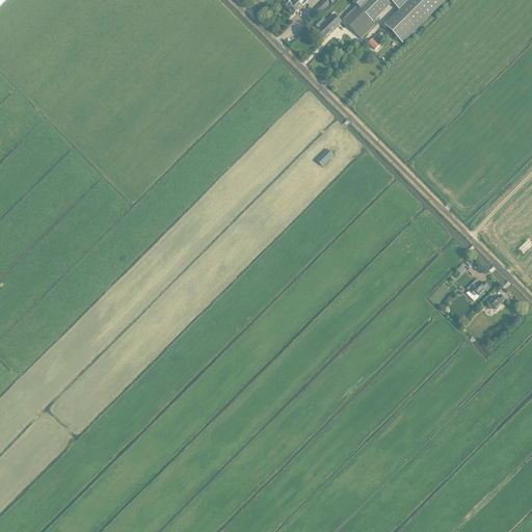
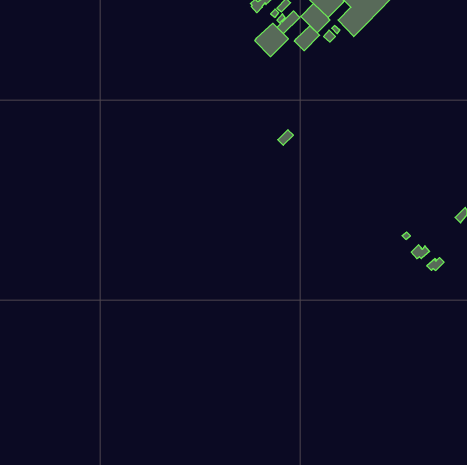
building: none -> [255,23,288,57]
building: none -> [294,26,320,51]

